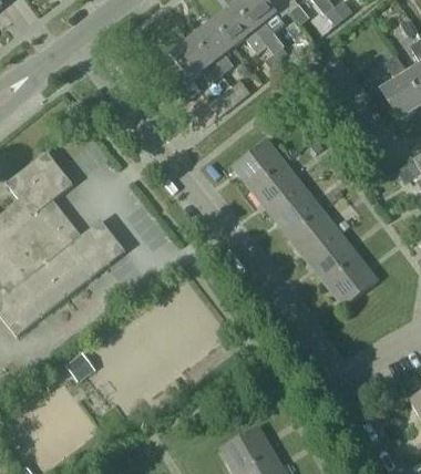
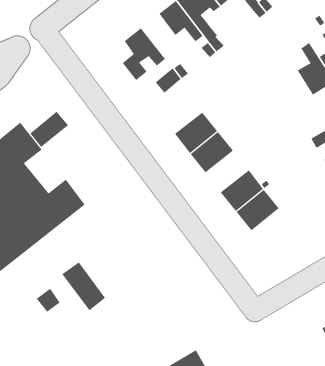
building: [192,20,233,74] -> none
building: none -> [29,111,69,148]
building: [269,185,322,236] -> none
building: [325,255,378,306] -> none
building: none -> [62,262,106,311]

